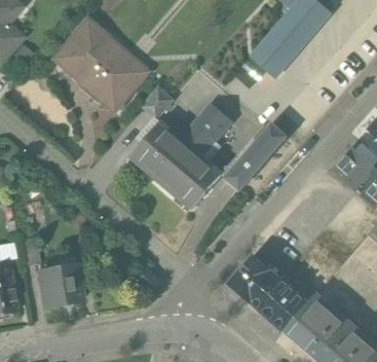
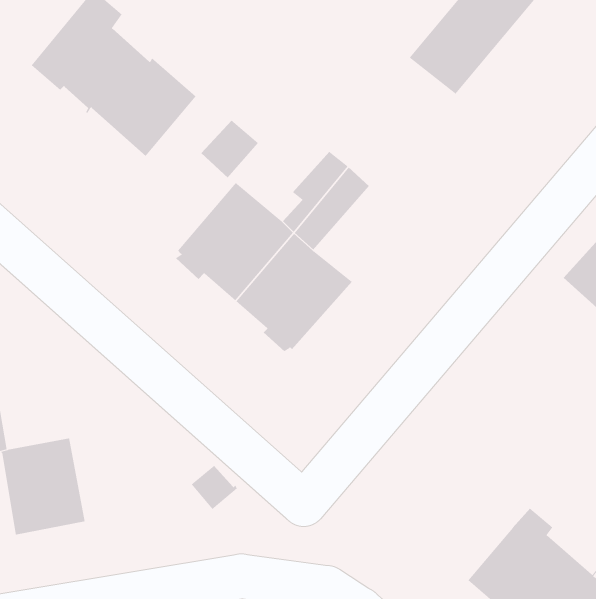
building: [226,125,286,190] -> none
building: [229,256,307,332] -> none

